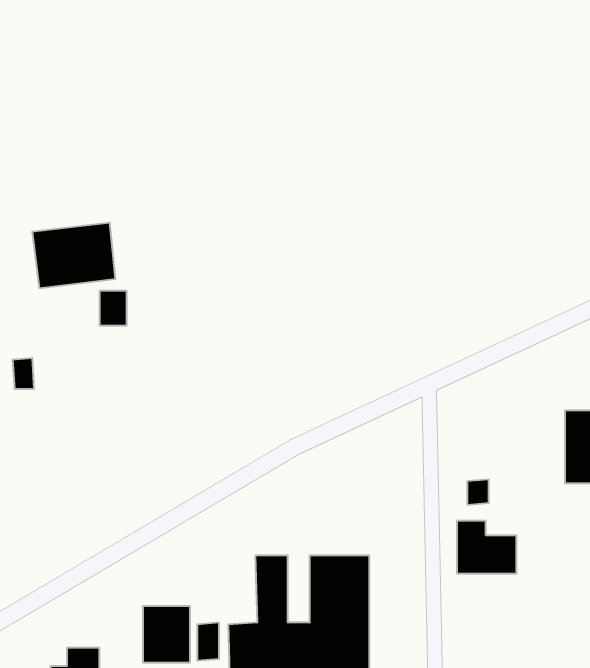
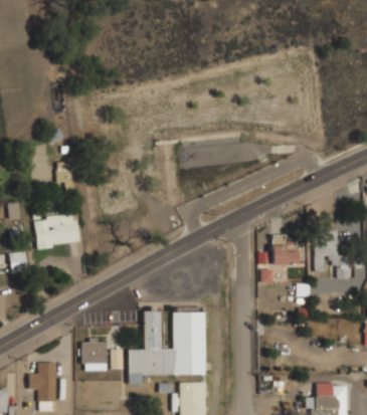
building: [32,223,115,288] -> [33,212,79,248]
building: none -> [8,252,27,272]
building: [457,521,517,573] -> [270,235,304,264]

